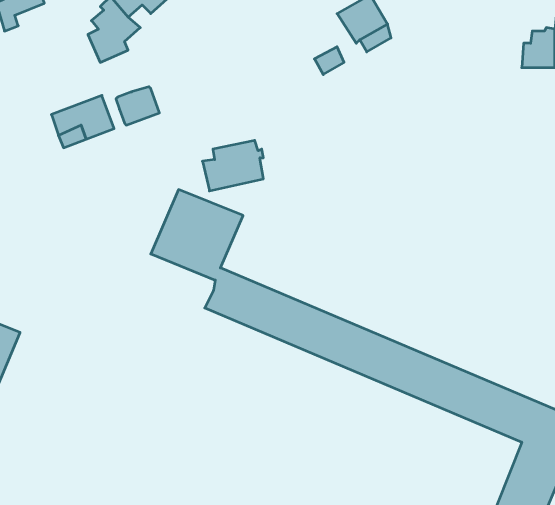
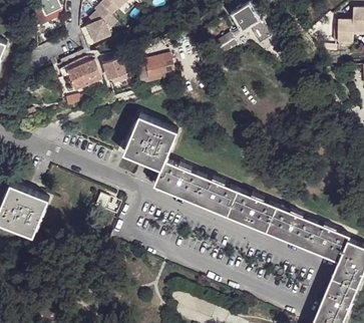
building: [202,140,263,191] -> [138,52,173,81]

